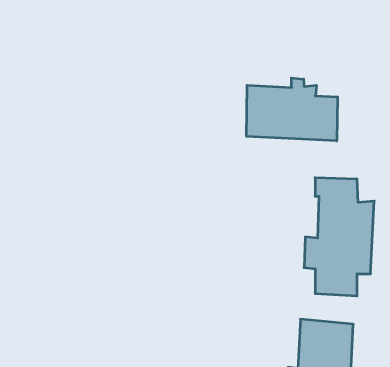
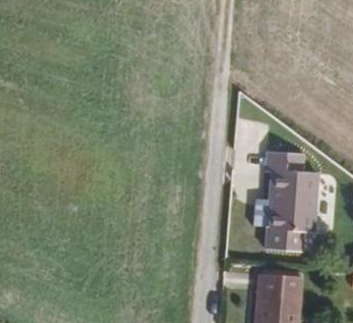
building: [247,78,338,141] -> none

